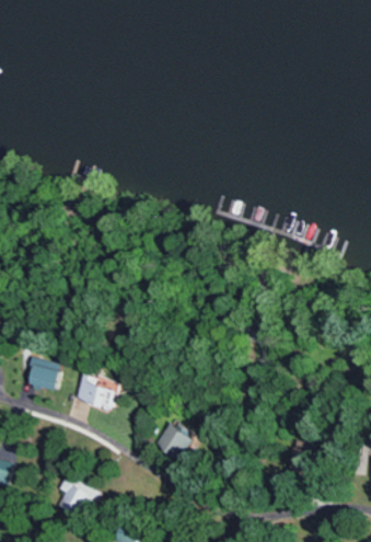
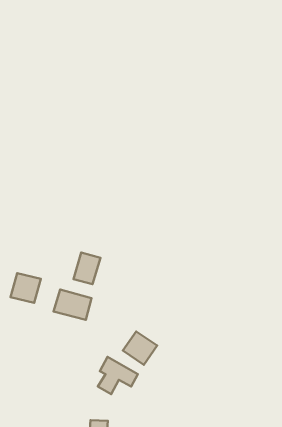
building: none -> [74,253,100,284]
building: [54,472,100,515] -> [98,357,138,394]

